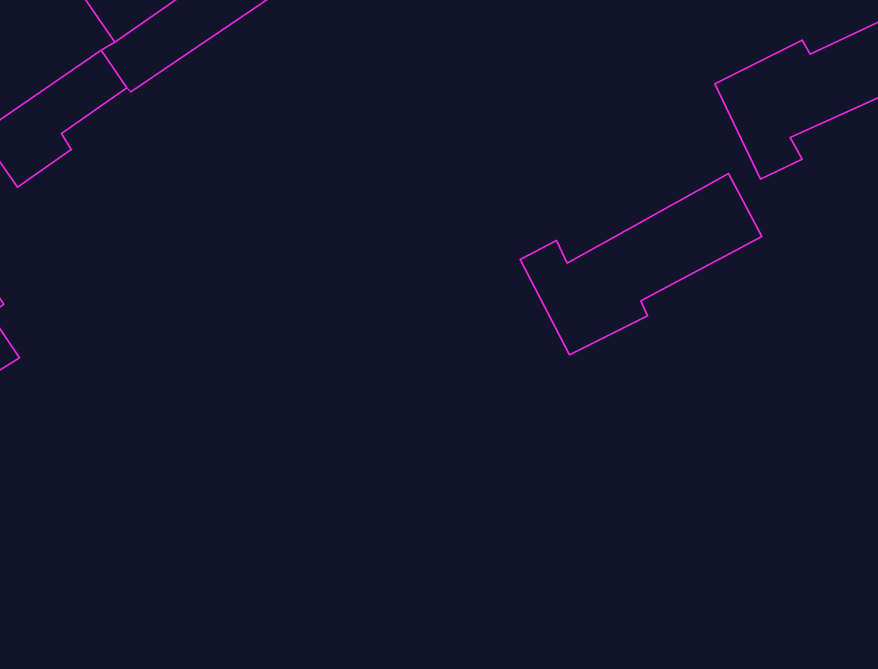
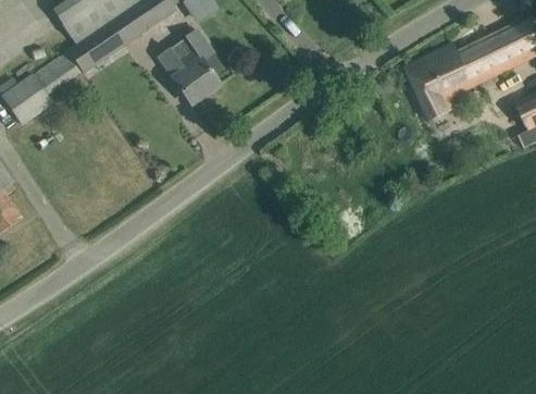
building: none -> [158,29,220,103]
building: [520,174,762,355] -> none

